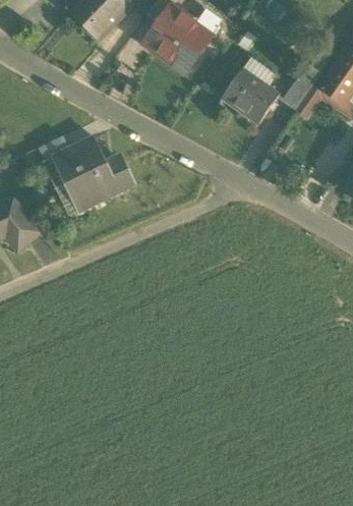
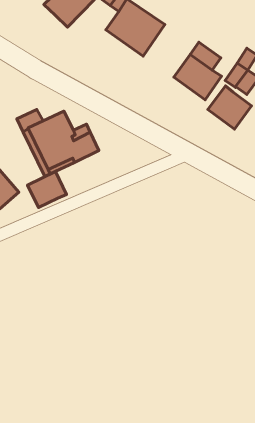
building: none -> [208,86,252,129]
building: none -> [28,171,66,207]

